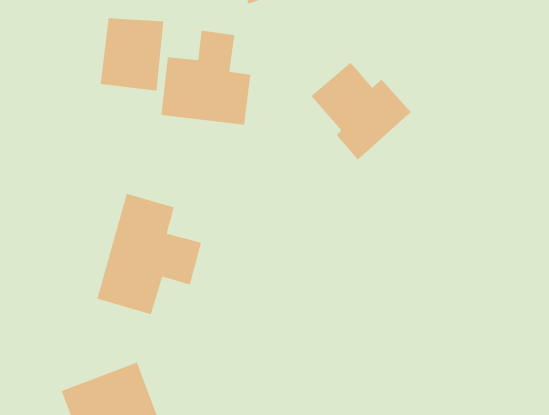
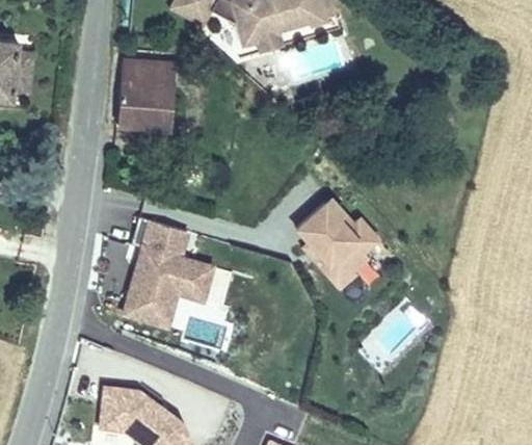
building: [161,30,251,126] -> none
building: [311,62,411,160] -> [295,209,387,298]

